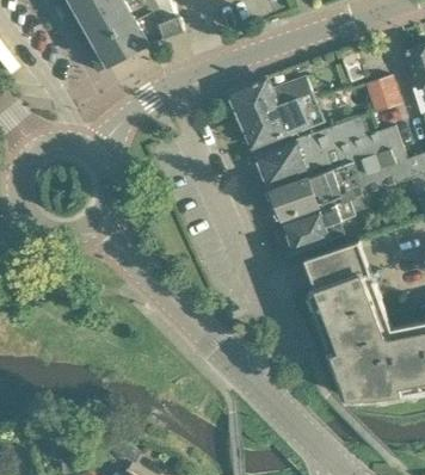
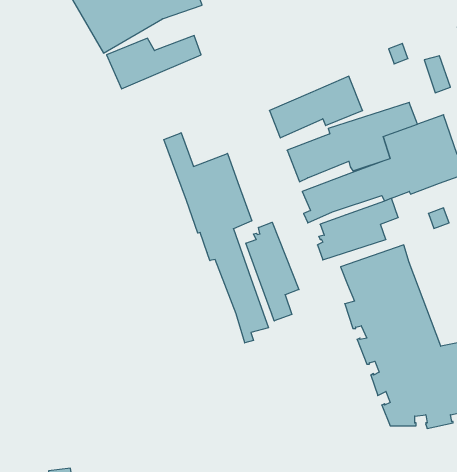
building: [230,78,313,124] -> [107,36,201,89]
building: none -> [164,133,268,343]
building: none -> [246,222,299,321]

